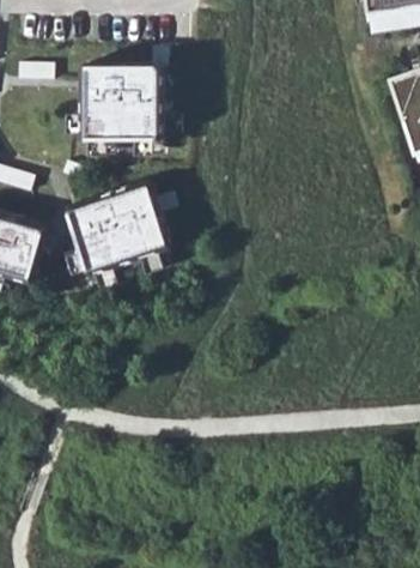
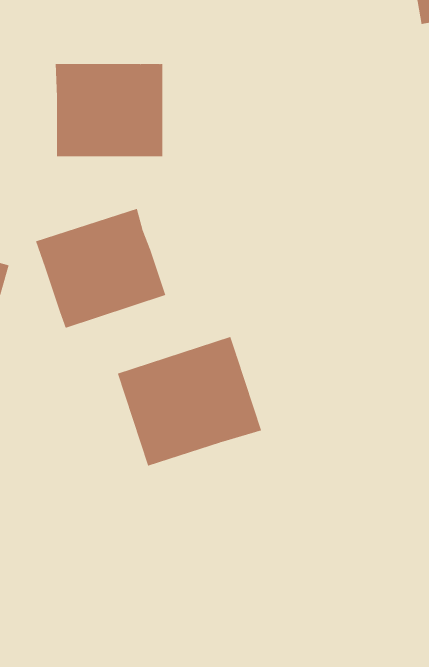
building: none -> [117,336,262,467]

